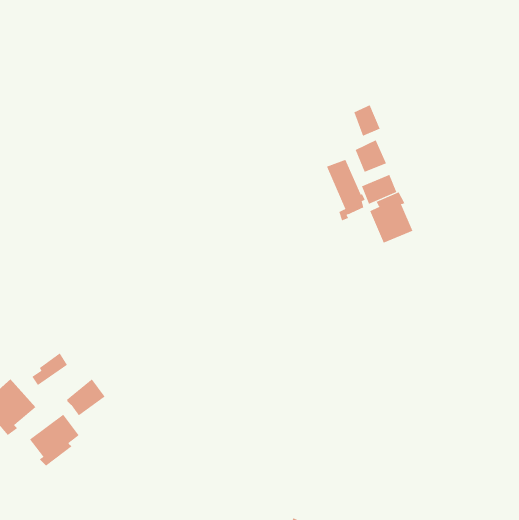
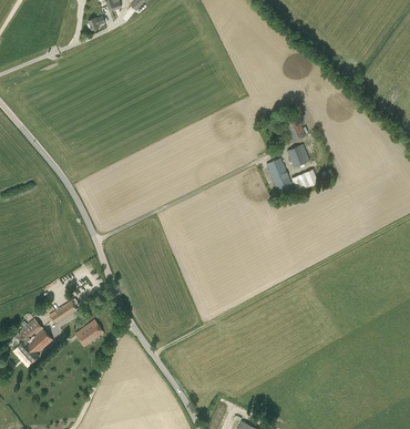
building: [370,192,413,244] -> none
building: [29,414,79,466] -> none

